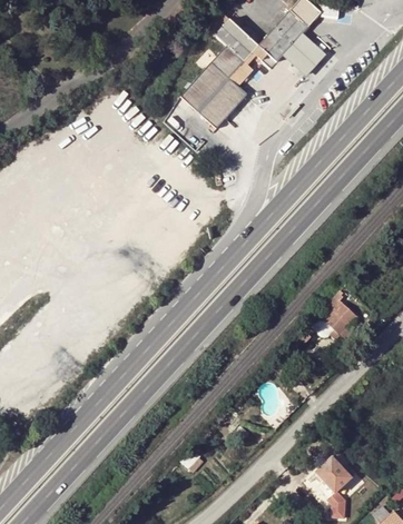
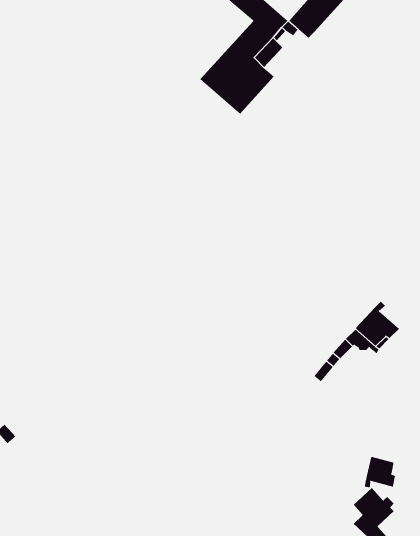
building: [283,33,327,77] -> none
building: none -> [364,456,395,488]

